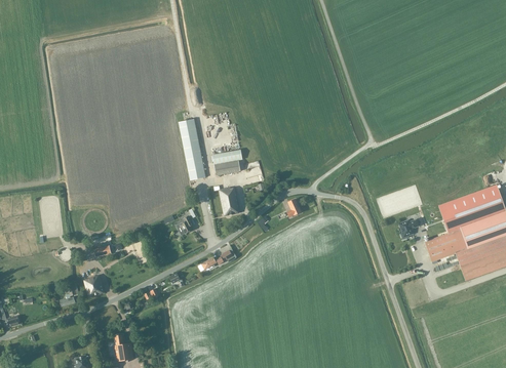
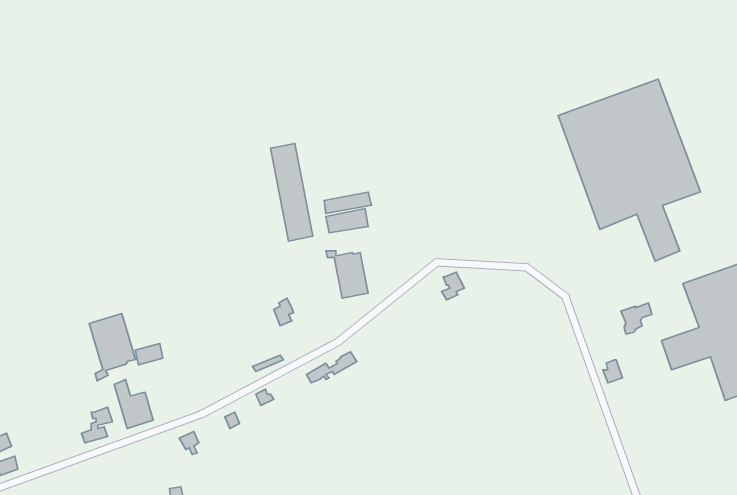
building: none -> [558,79,701,261]
building: none -> [89,313,135,381]

